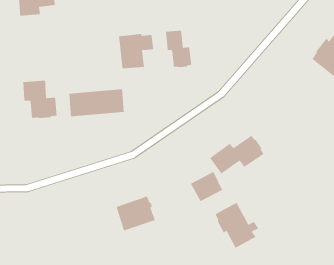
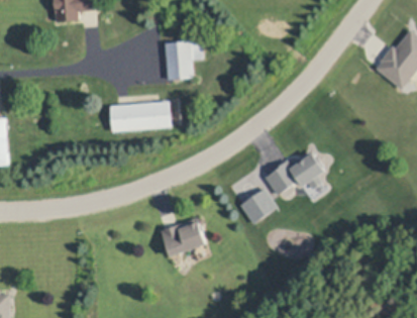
building: [165,30,192,68] -> none
building: [22,80,58,119] -> none
building: [214,202,259,249] -> none

